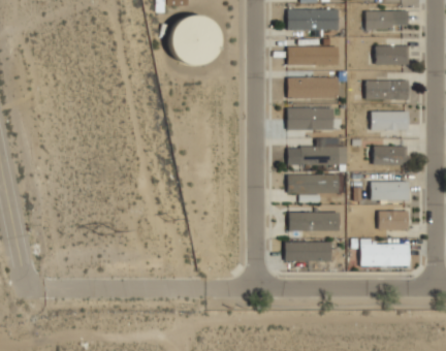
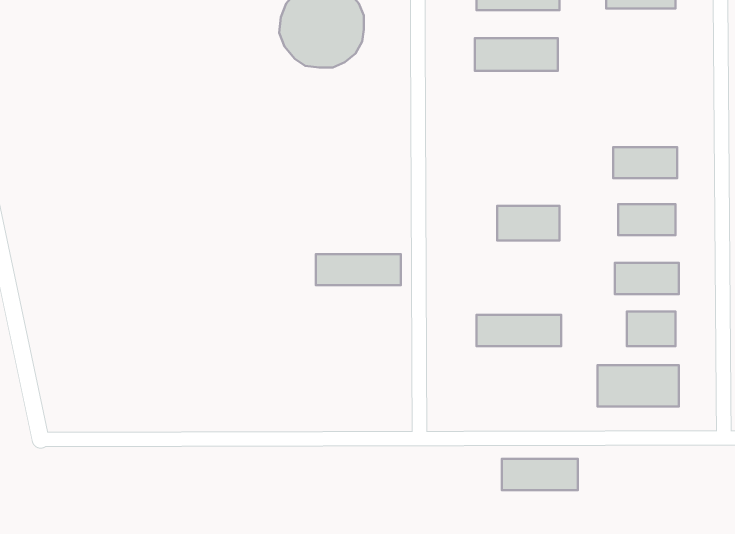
building: [375,46,408,64] -> none
building: [287,77,338,98] -> none
building: [365,81,408,100] -> none
building: [287,108,331,129] -> none
building: [287,174,338,193] -> [316,254,401,285]
building: [285,242,330,260] -> [502,459,578,490]

